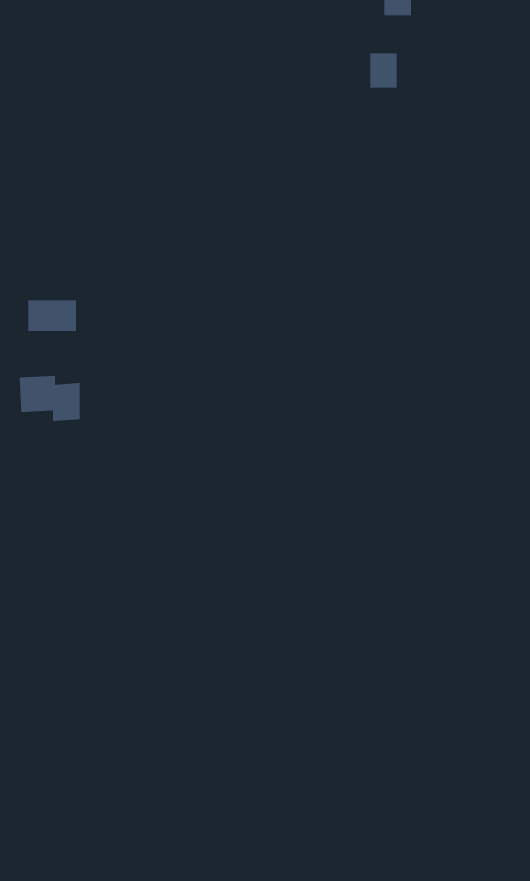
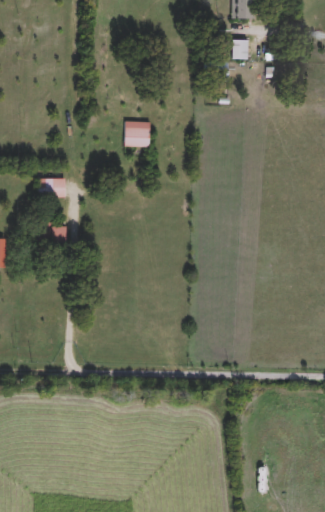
building: none -> [125,120,151,146]

